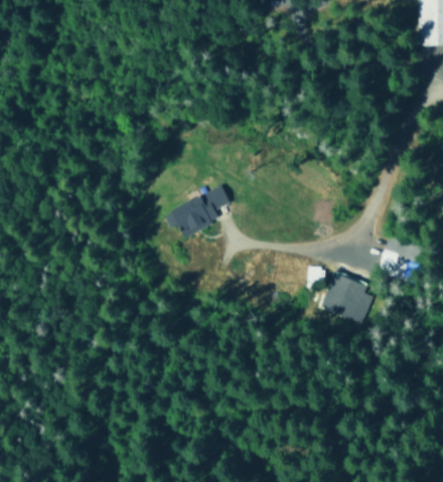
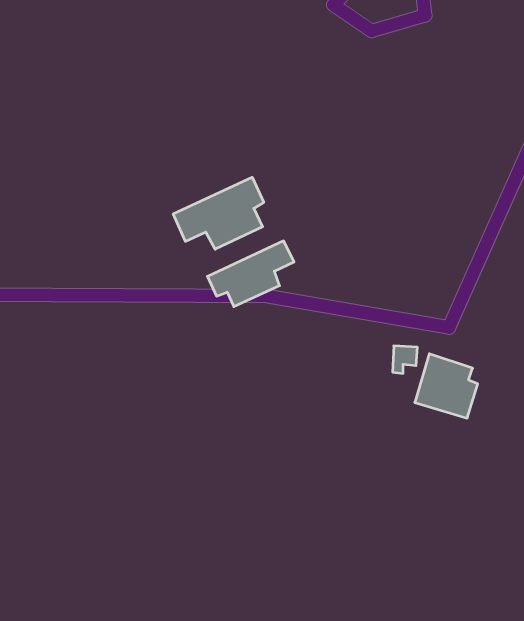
building: none -> [173,177,264,249]

